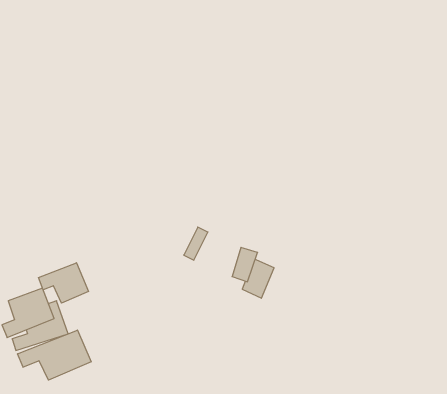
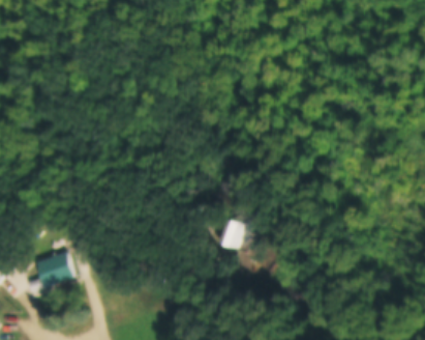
building: [38,263,88,303] -> none
building: [18,330,91,380] -> none

